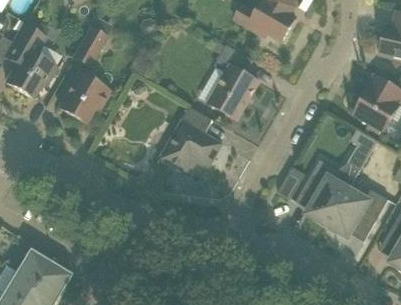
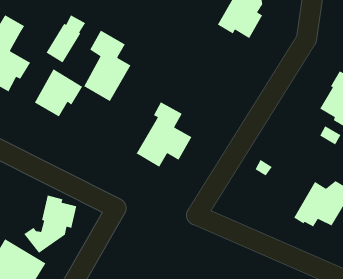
building: [208,44,258,119] -> [83,30,132,102]
building: [298,159,360,227] -> none
building: none -> [23,195,77,254]

